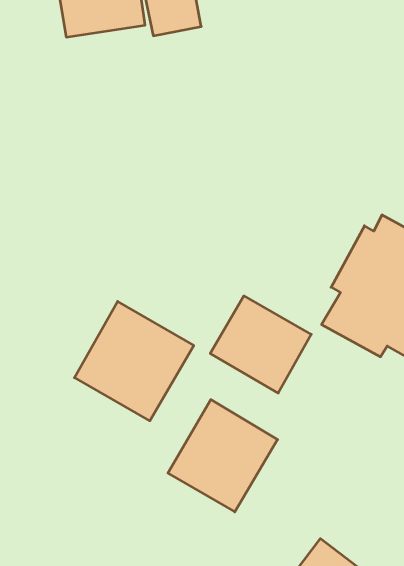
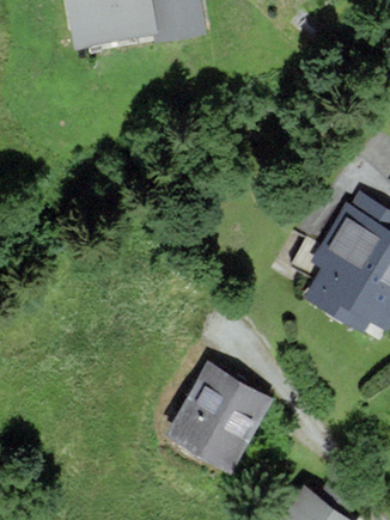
building: [210,296,311,393] -> none
building: [74,301,194,421] -> none

